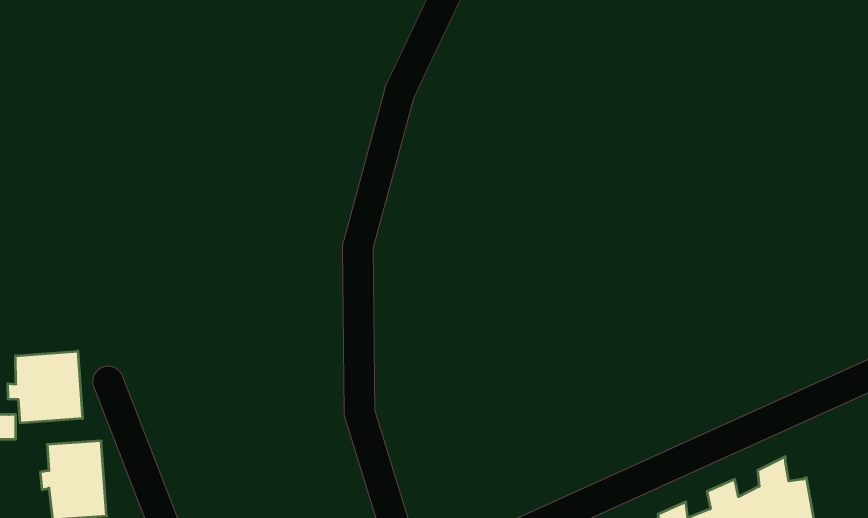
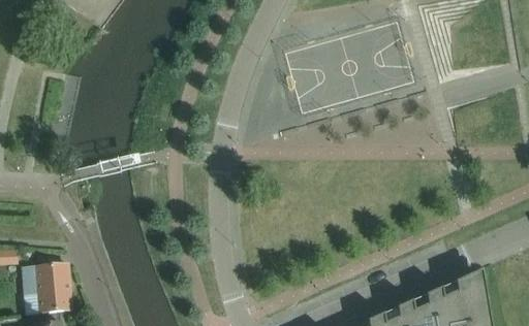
building: [8,351,82,423] -> none

